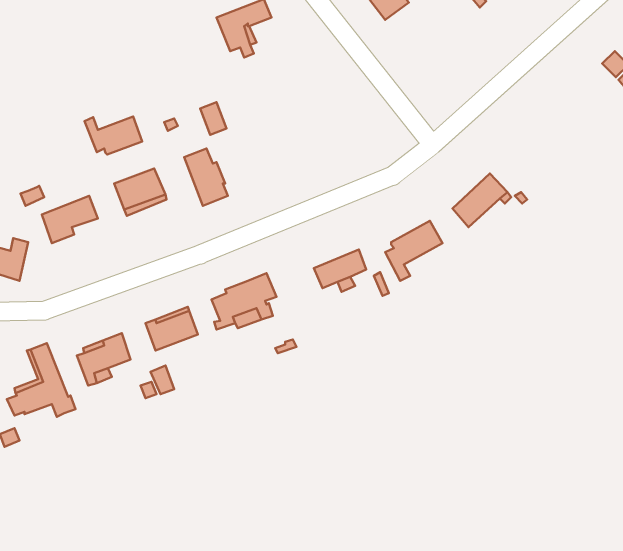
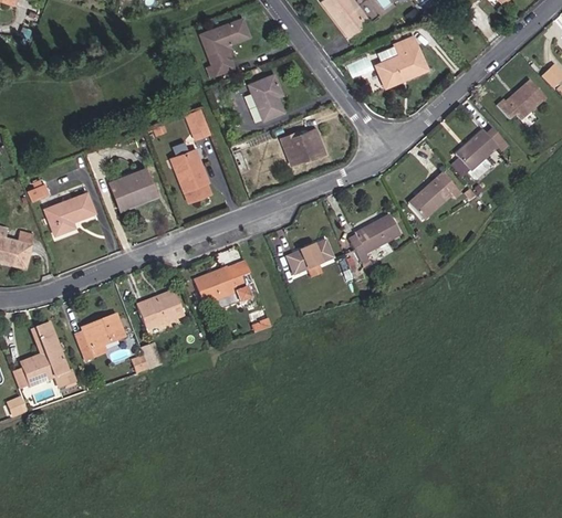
building: none -> [376,36,426,84]
building: none -> [248,76,288,119]
building: none -> [497,78,544,119]
building: [85,117,142,155] -> none
building: none -> [280,126,324,163]
building: none -> [452,128,508,181]

